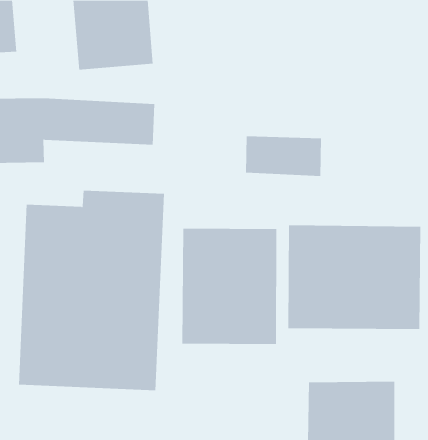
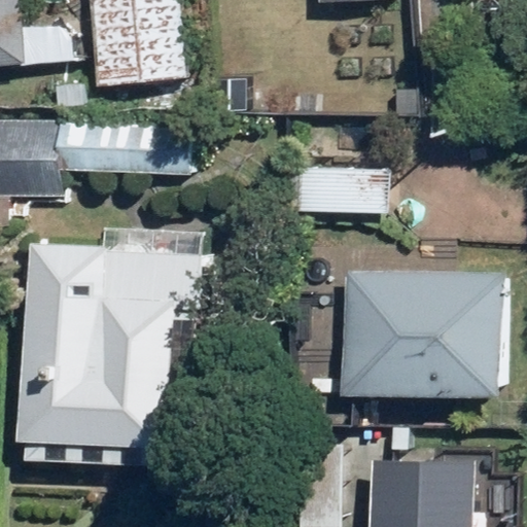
building: [182,228,277,345] -> none

